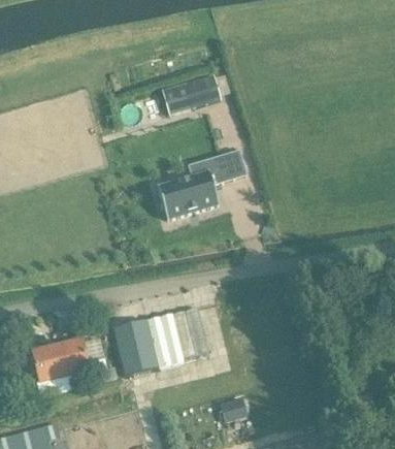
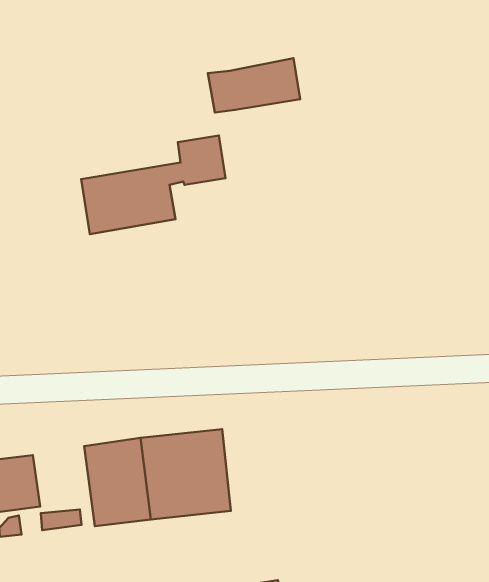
building: [158,149,246,219] -> [81,135,226,234]

